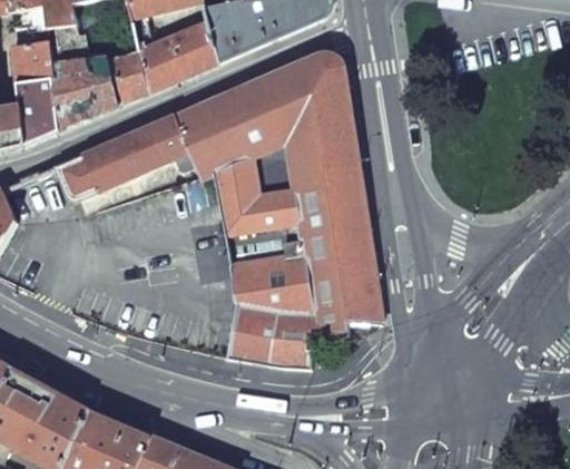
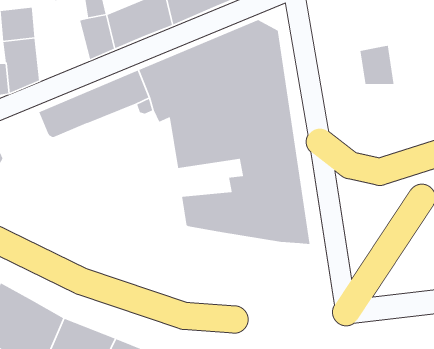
building: [53,55,119,127] -> none
building: none -> [359,45,395,85]
building: [224,221,301,264] -> none
building: [226,301,348,367] -> none

